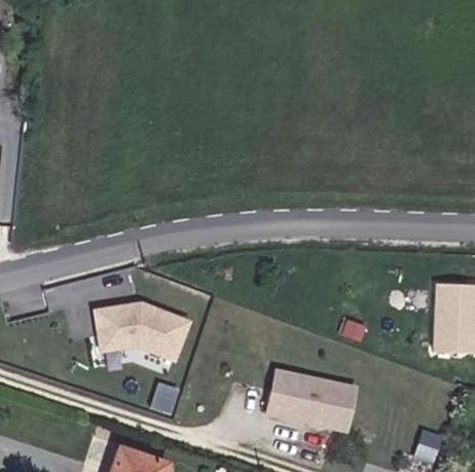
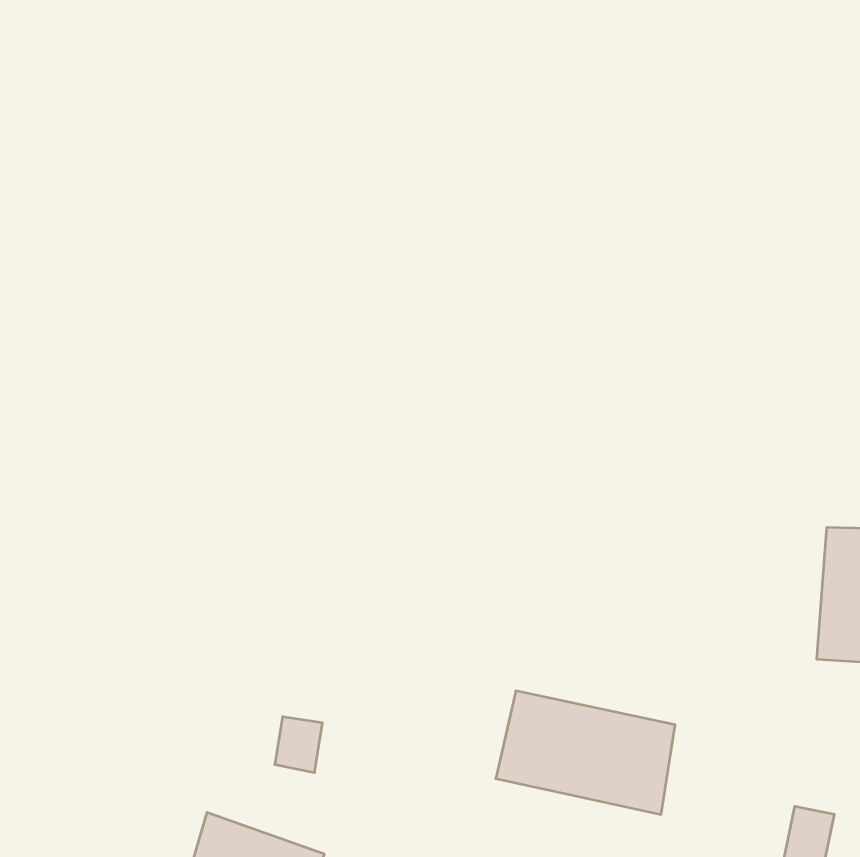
building: [93,301,193,363] -> none

